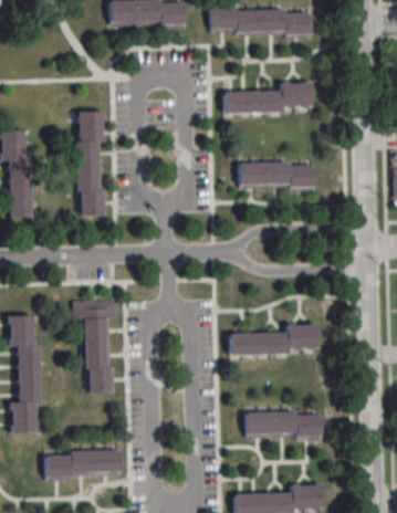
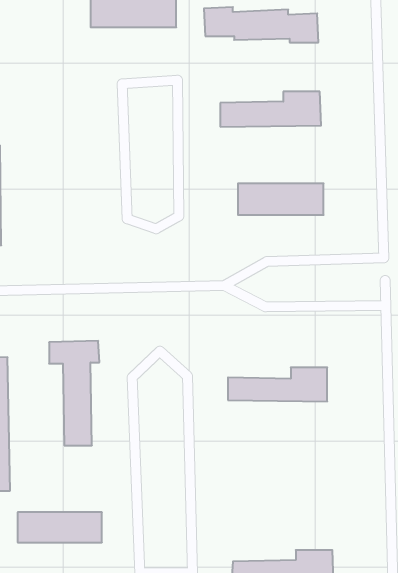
building: [76,111,104,216] -> none
building: [245,411,322,439] -> none

